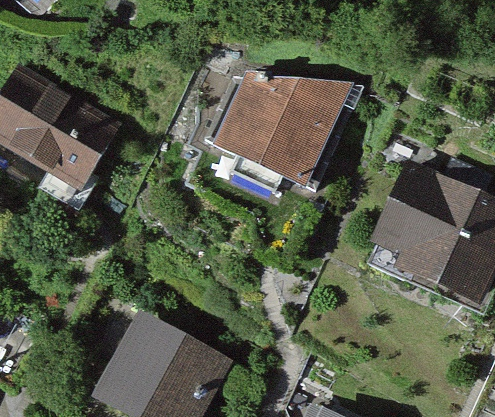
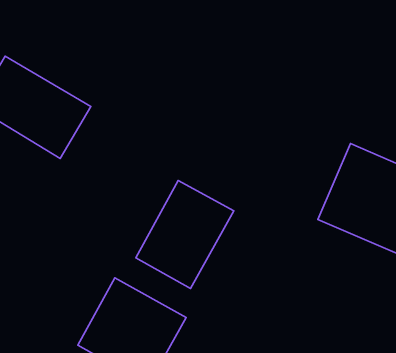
building: [220,82,348,180] -> none
building: none -> [136,181,234,288]

